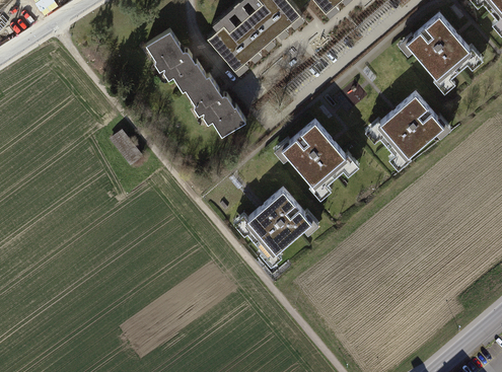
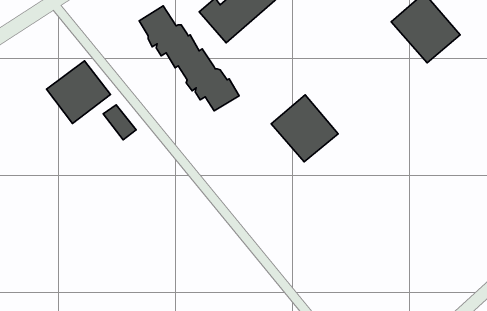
building: none -> [46,61,111,124]
building: [367,92,445,168] -> none
building: [246,190,313,255] -> none

